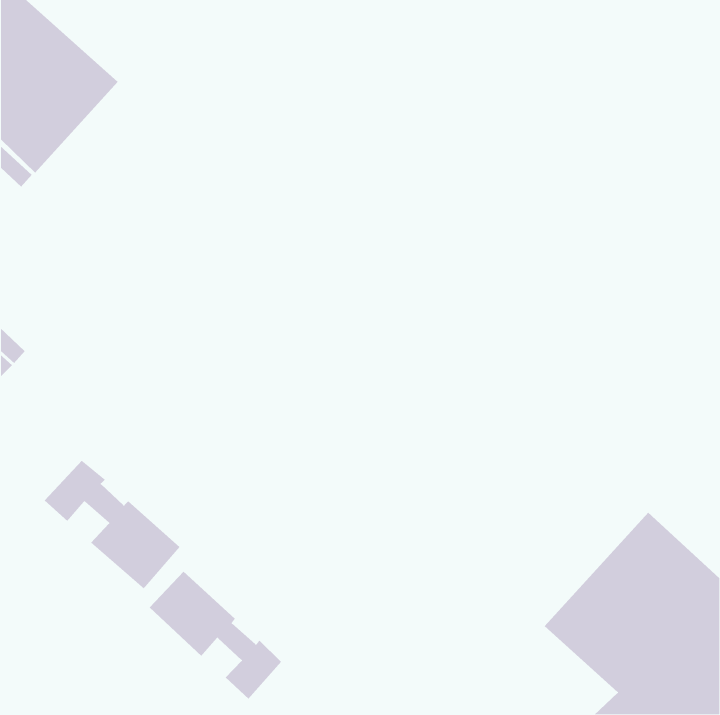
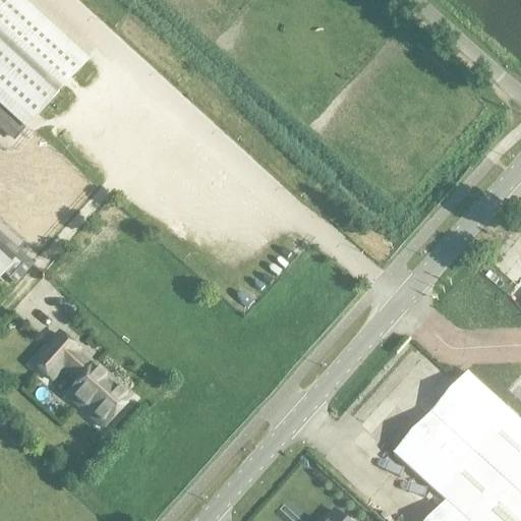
building: [149,571,282,699] -> none

